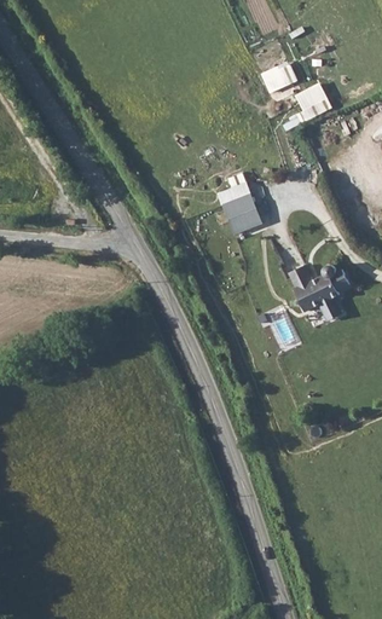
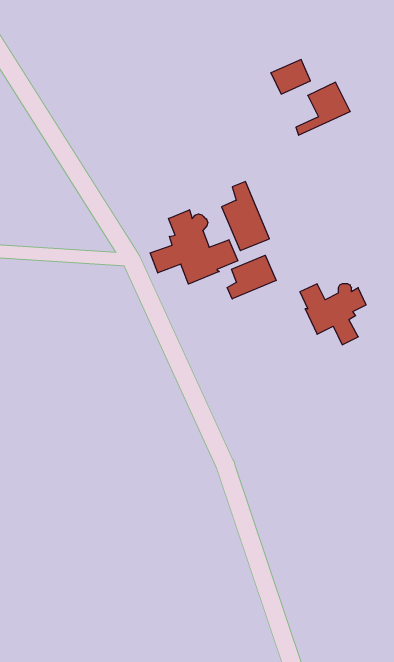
building: none -> [150,210,238,284]
building: none -> [227,255,276,299]

